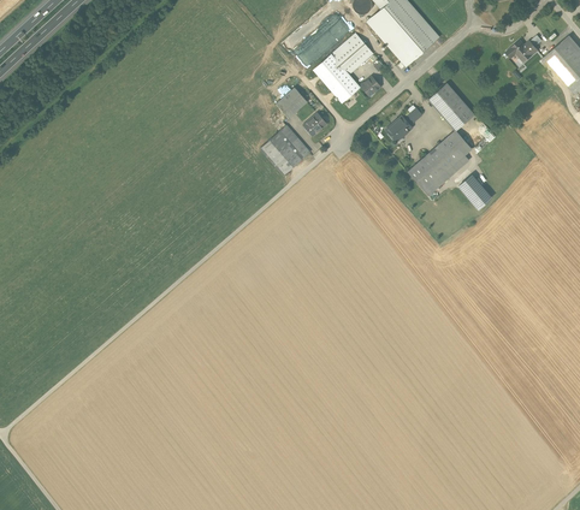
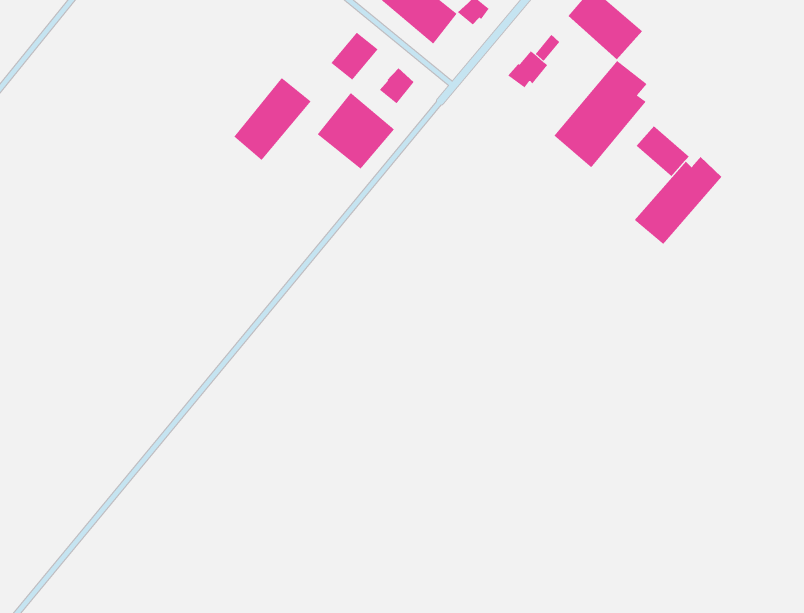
building: none -> [233,77,312,161]
building: none -> [634,156,722,245]

